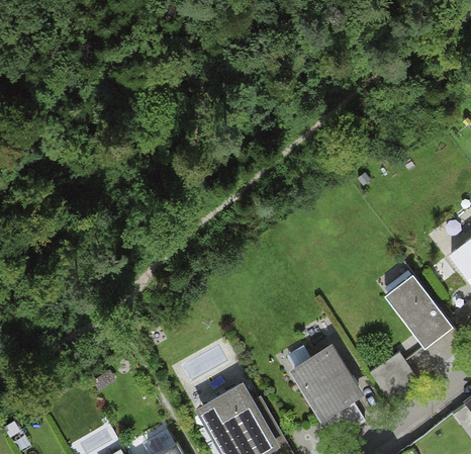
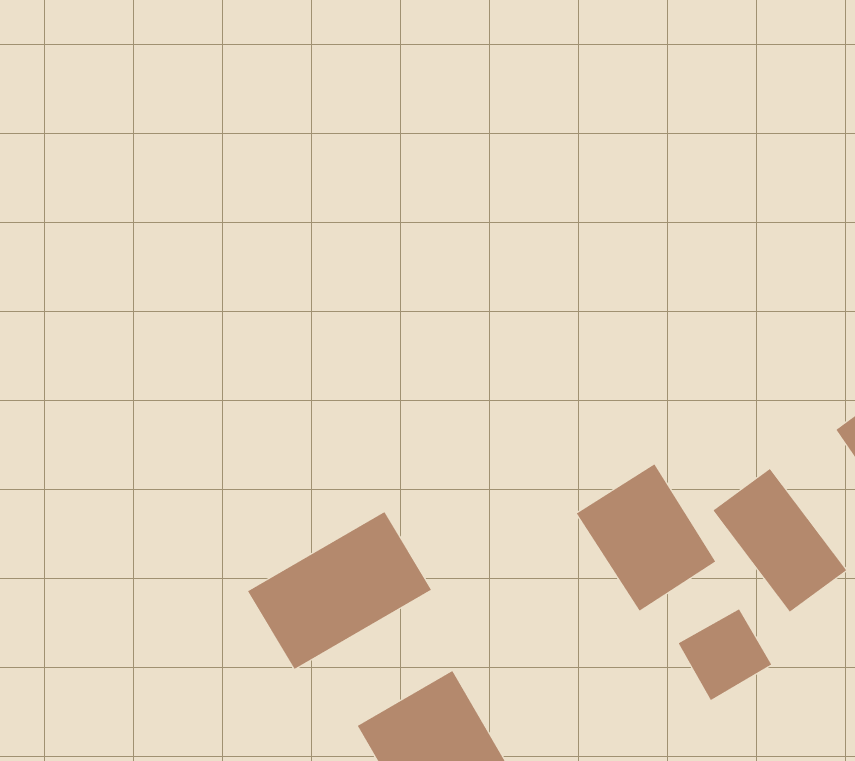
building: none -> [247,511,432,670]
building: [289,345,363,423] -> [576,463,716,611]

